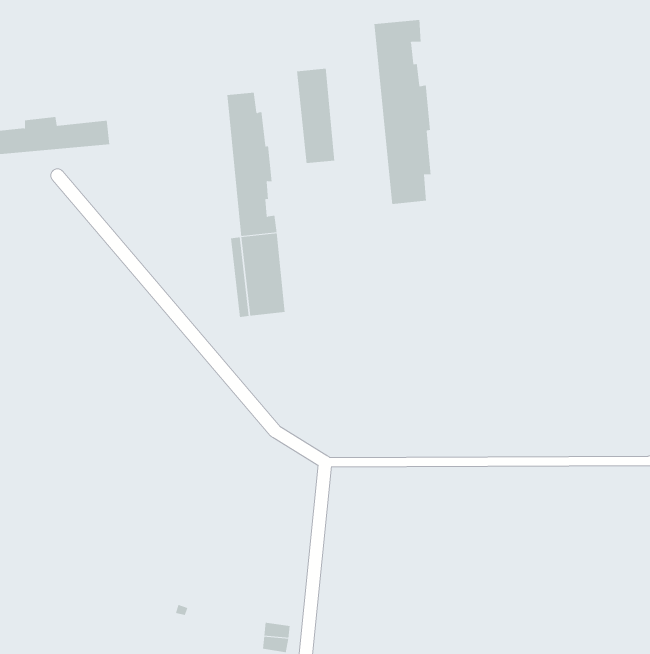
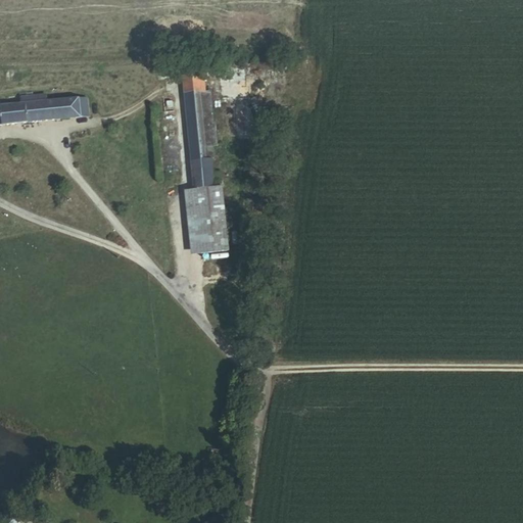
building: [374,19,431,205] -> none
building: [297,68,335,164] -> none

